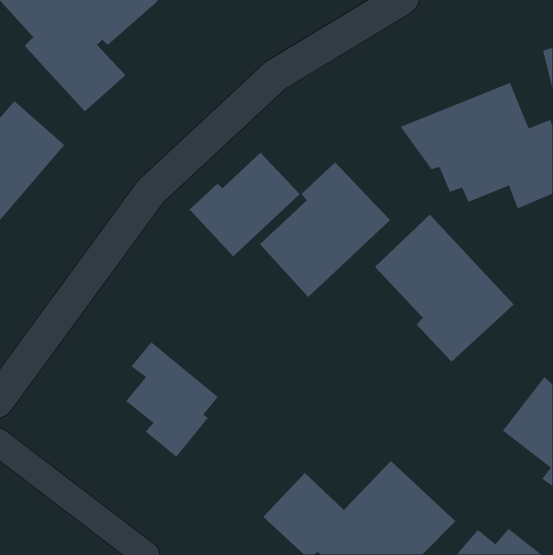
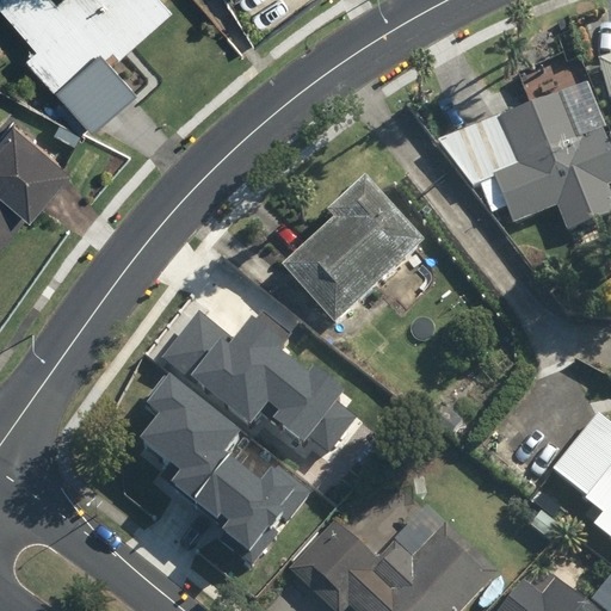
building: [189,152,300,257] -> none
building: [374,214,514,363] -> none
building: none -> [165,307,358,452]
building: none -> [193,457,308,558]

